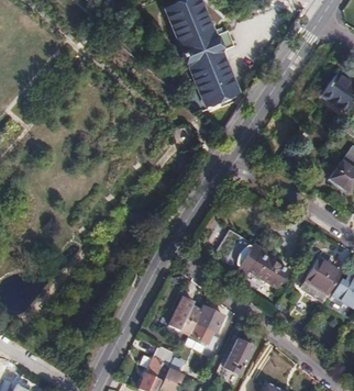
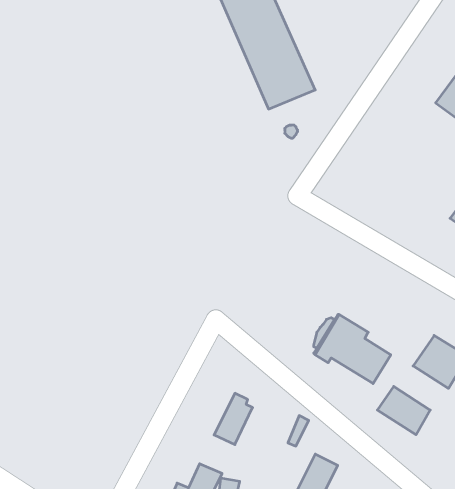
building: none -> [377,386,430,435]
building: [184,305,224,343] -> none

